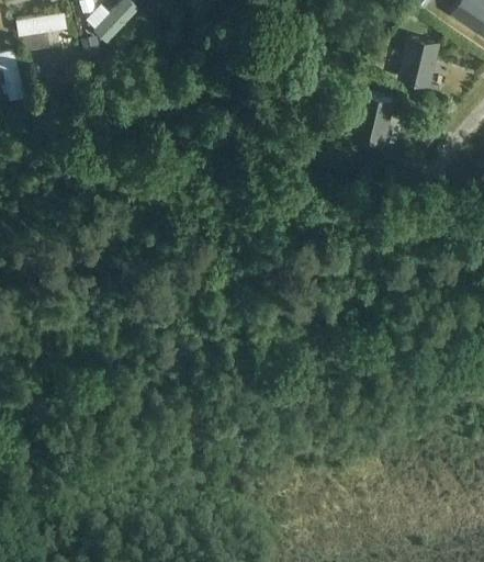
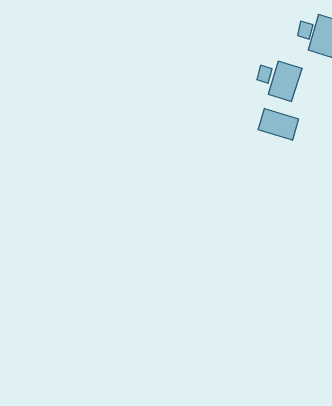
building: none -> [258,108,298,140]

